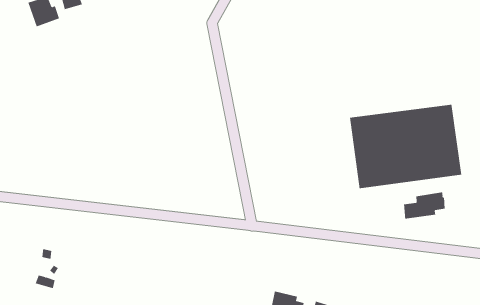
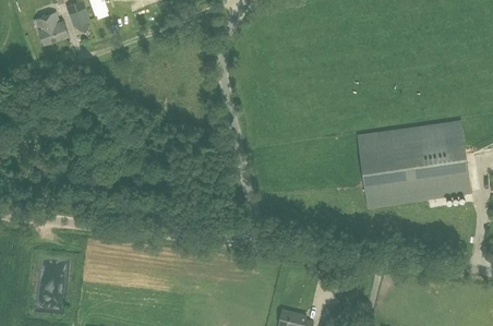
building: [403,192,445,219] -> none

